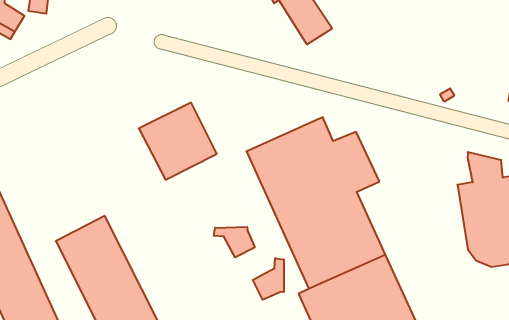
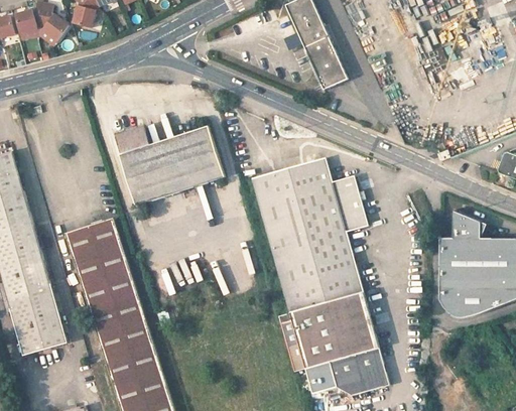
building: none -> [117,126,173,204]
building: [214,227,255,257] -> none
building: [253,258,284,300] -> none

